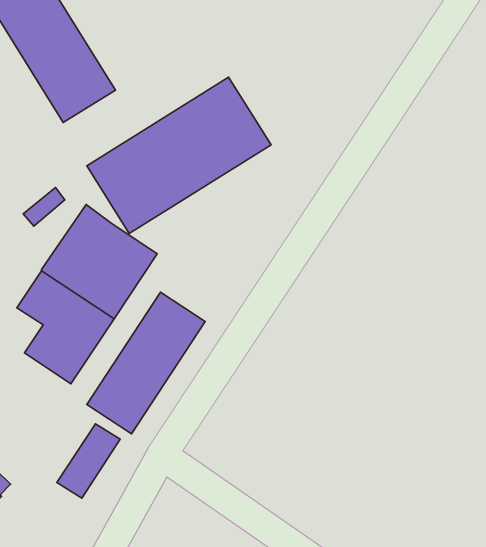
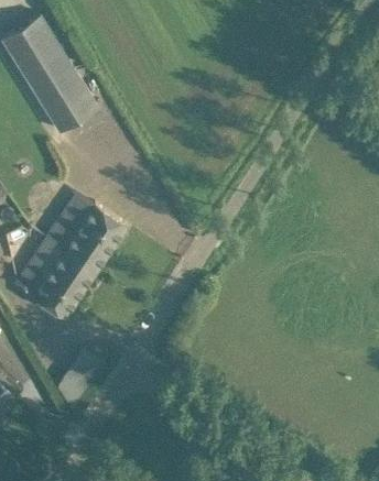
building: [87,77,271,234] -> none
building: [87,292,205,434] -> none

